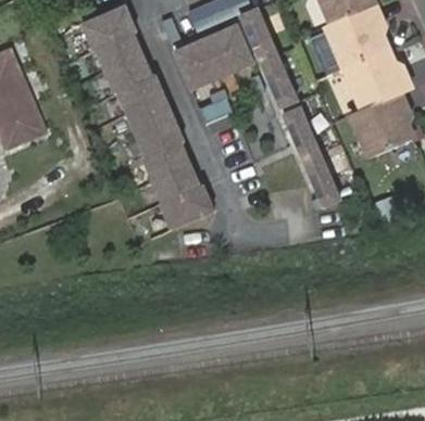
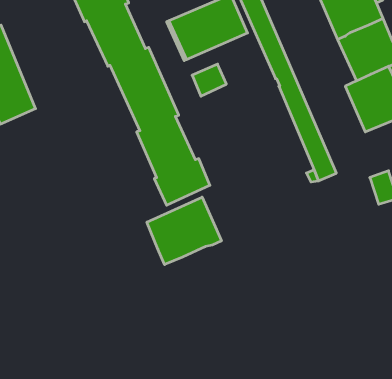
building: none -> [147,197,221,265]

